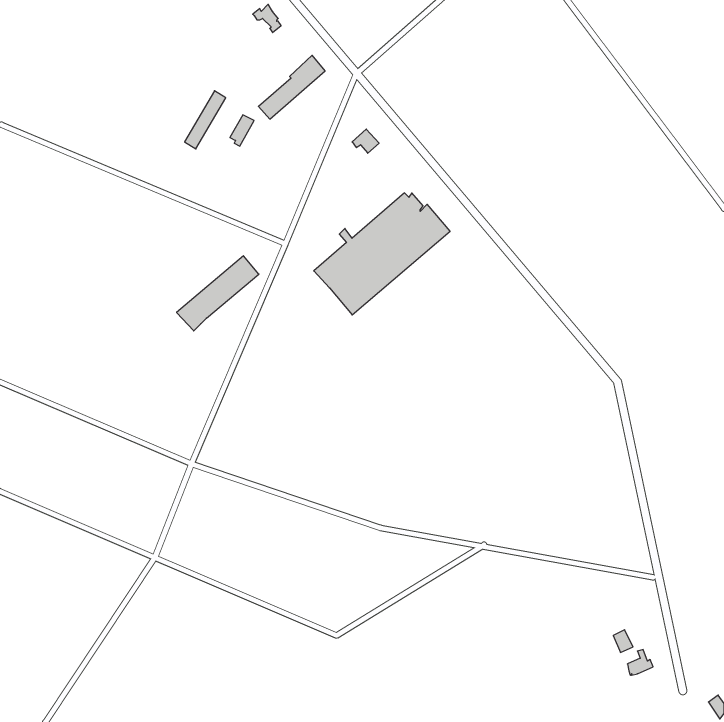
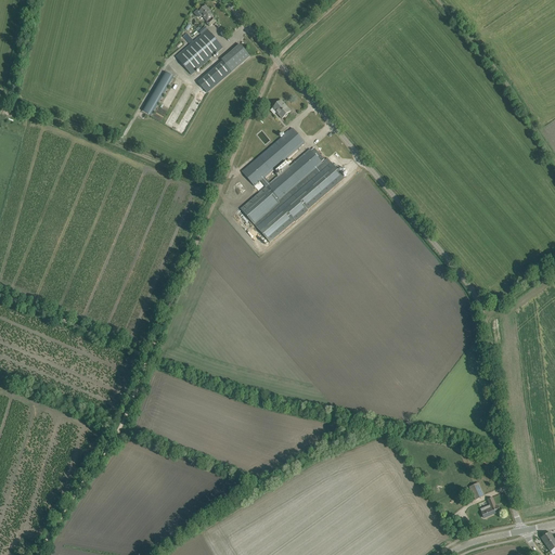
building: none -> [176,25,222,73]
building: [177,256,259,331] -> [241,127,304,184]

